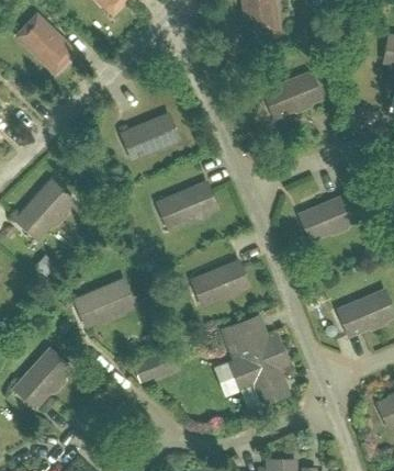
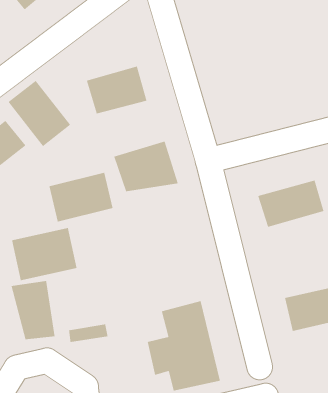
building: [259,69,323,120] -> none
building: none -> [8,80,71,147]
building: [190,260,254,314] -> [48,172,113,222]
building: none -> [10,280,55,340]

